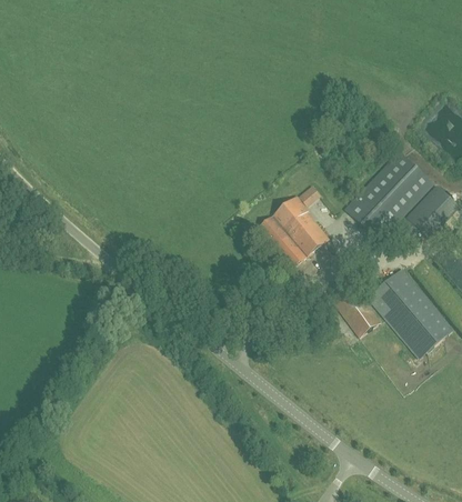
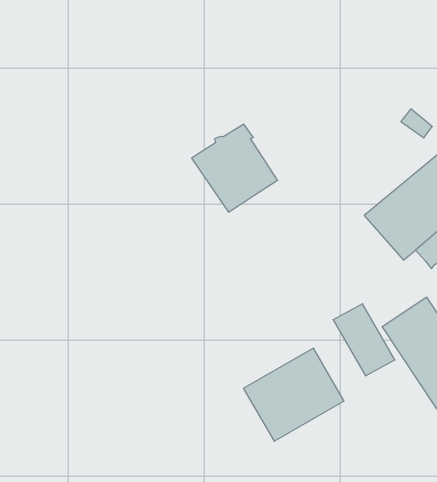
building: [258,195,329,268] -> [192,124,278,212]
building: none -> [244,348,344,441]

